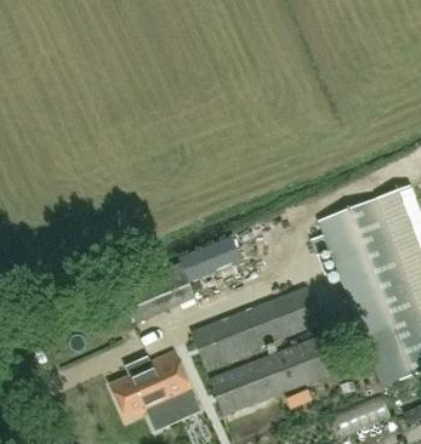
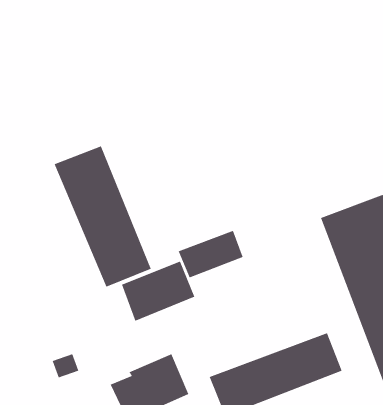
building: none -> [54,145,151,287]
building: [193,285,323,368] -> none

